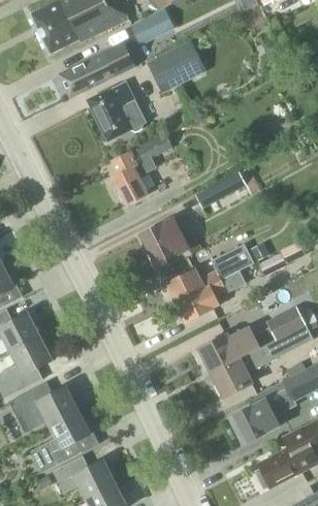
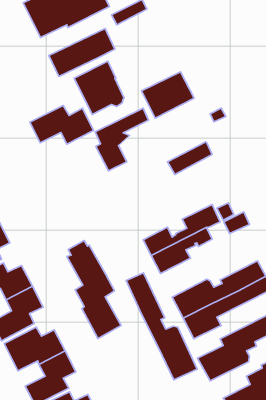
building: [146,40,205,93] -> [141,72,194,118]
building: none -> [30,105,94,144]
building: [140,218,188,264] -> none
building: none -> [67,240,121,338]
building: none -> [126,273,197,380]

